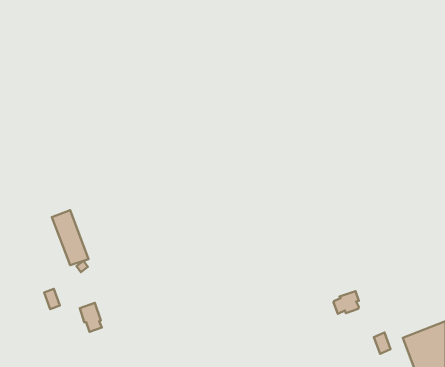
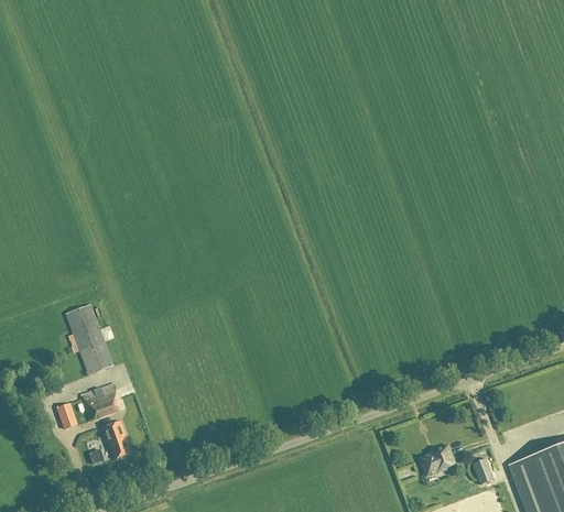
building: none -> [80,382,121,417]
building: [334,291,359,314] -> [420,445,452,473]

